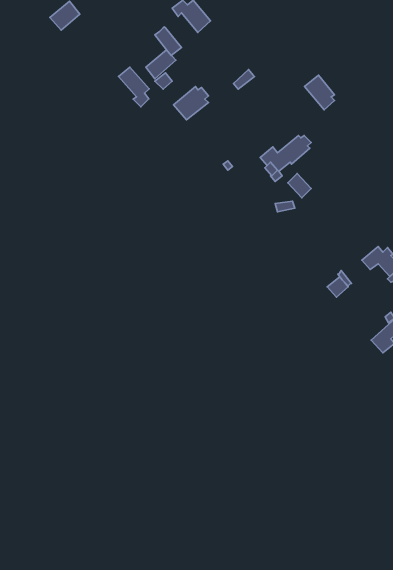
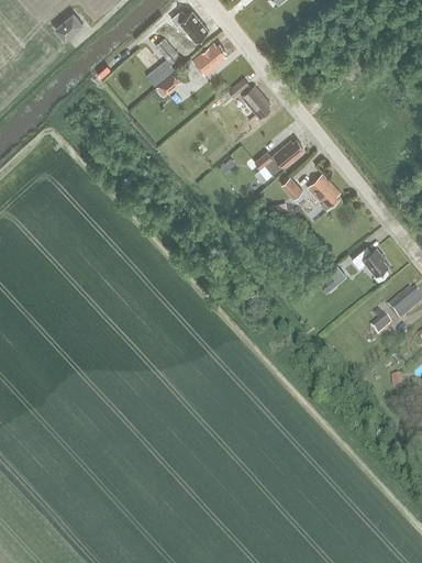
building: [118,67,149,107] -> none
building: [305,75,335,110] -> [242,85,270,118]
building: [174,86,208,120] -> [193,42,226,74]
building: none -> [307,173,341,210]

